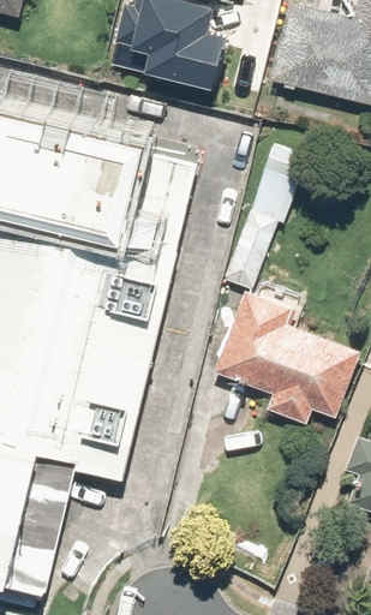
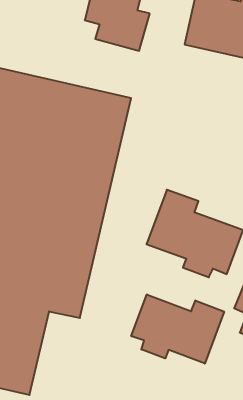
building: [225,143,310,292] -> none
building: none -> [131,294,224,364]

